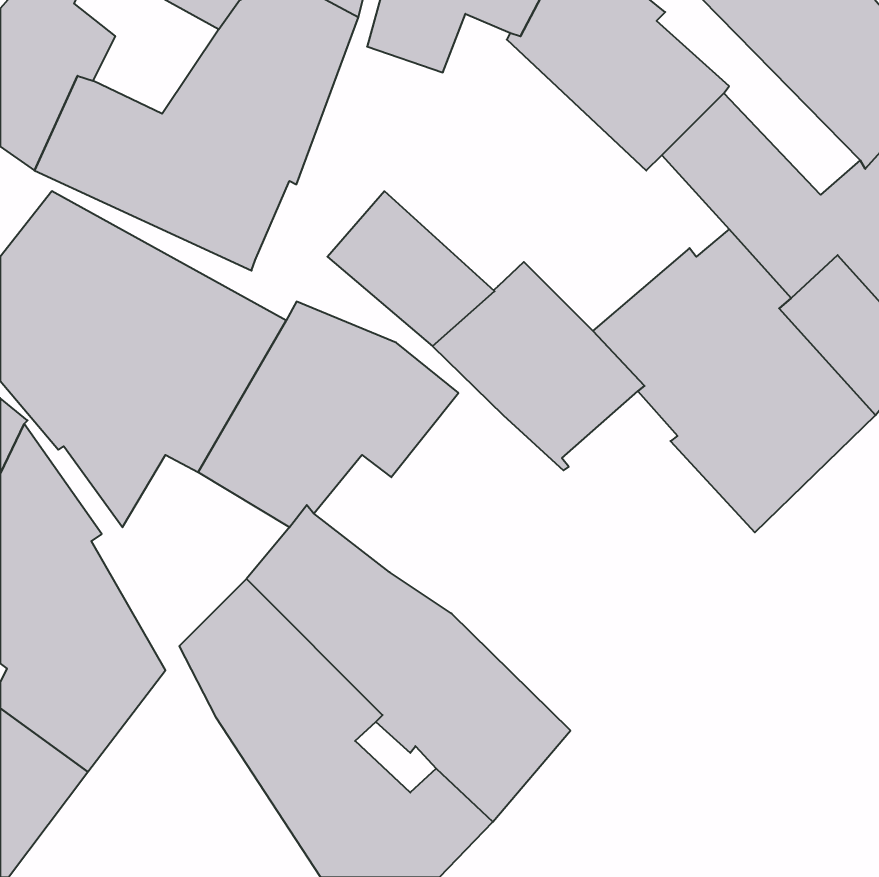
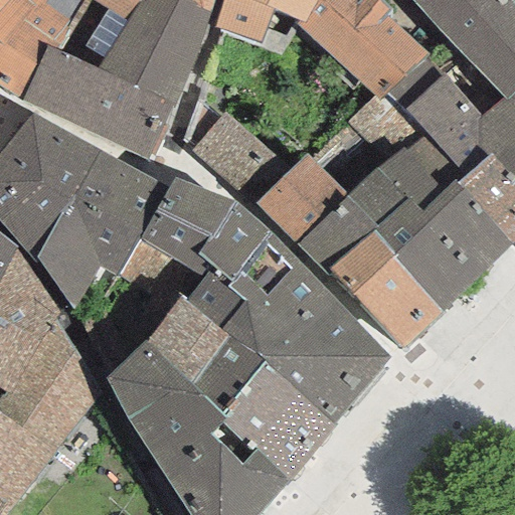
building: none -> [329,228,442,347]
building: none -> [184,229,389,426]

